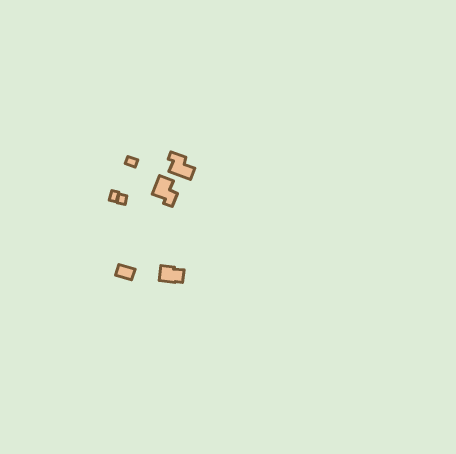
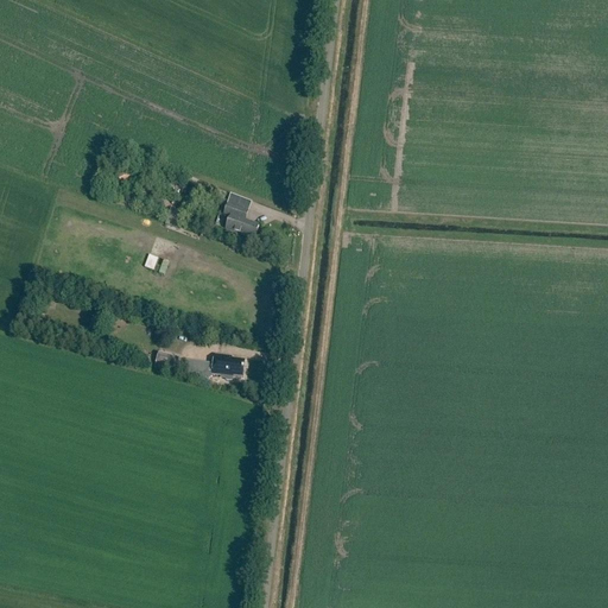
building: [152,176,177,207] -> none

